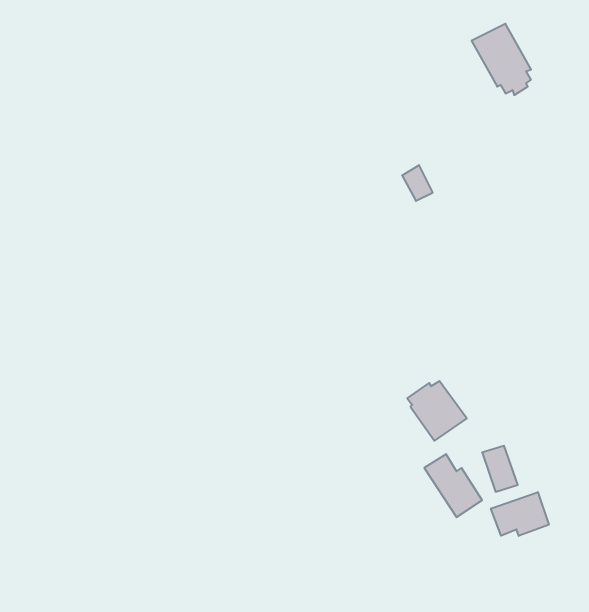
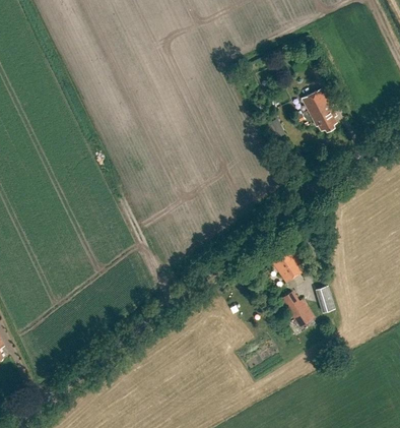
building: [472,24,531,95] -> [302,89,337,132]
building: [491,492,549,536] -> none

